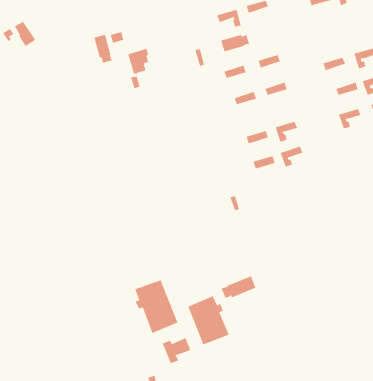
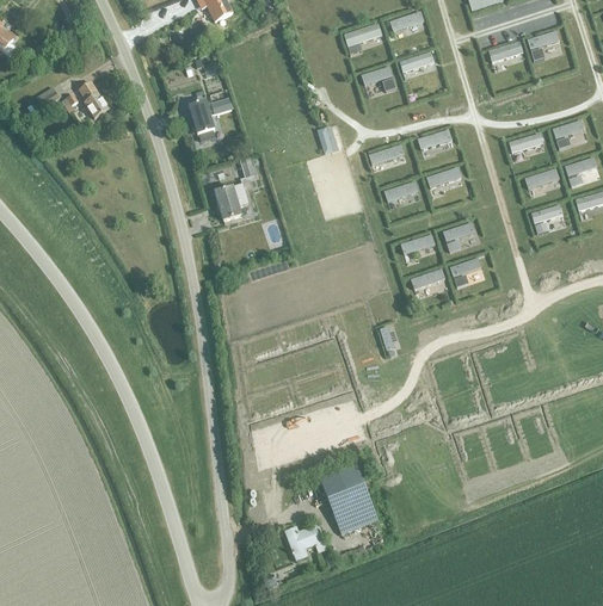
building: [221,34,250,52] -> none
building: [127,48,150,75] -> [215,184,247,221]
building: [221,275,256,299] -> none
building: [135,279,178,334] -> none

